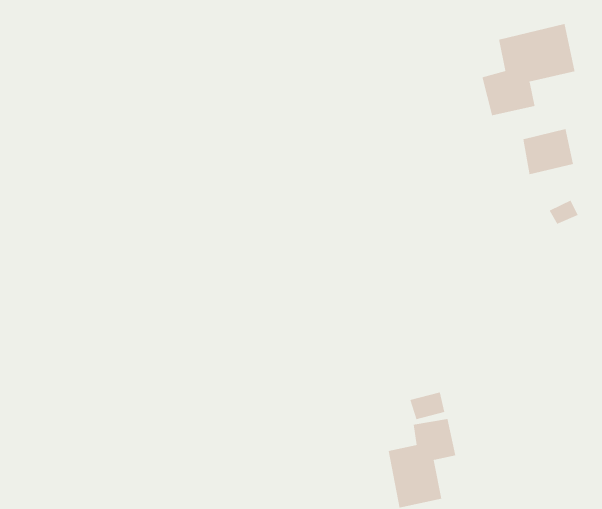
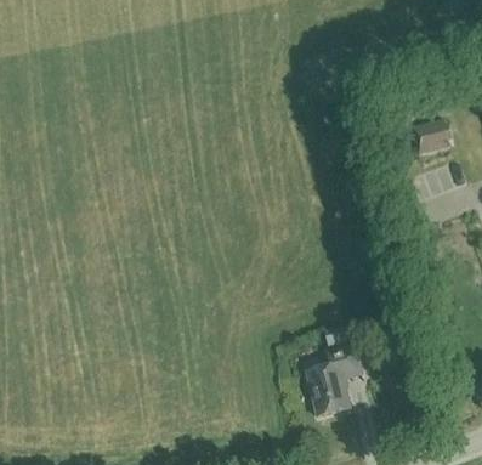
building: [482,23,575,116] -> none

